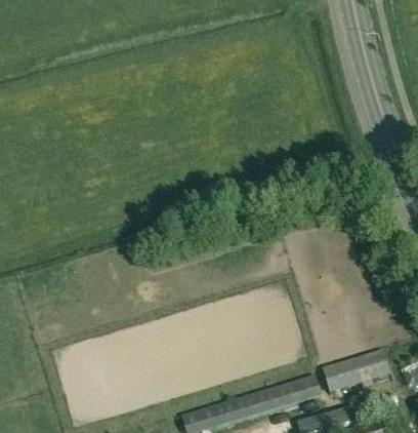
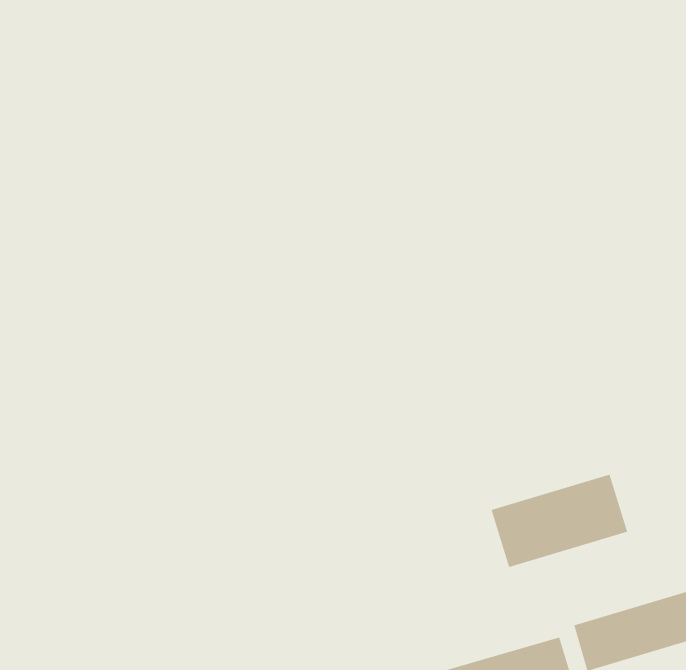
building: none -> [491,474,628,568]

